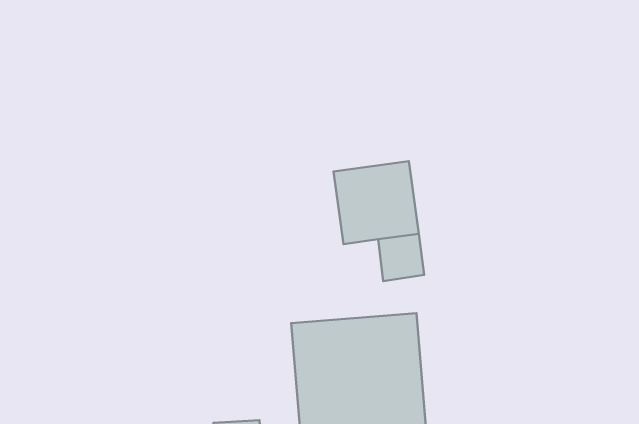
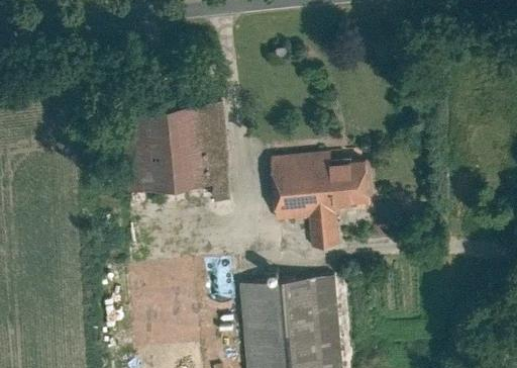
building: none -> [129,105,223,190]
building: none -> [333,163,366,211]

